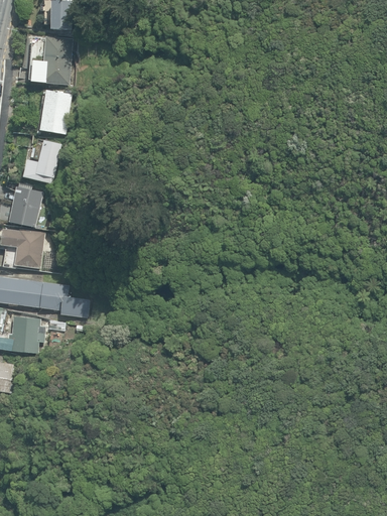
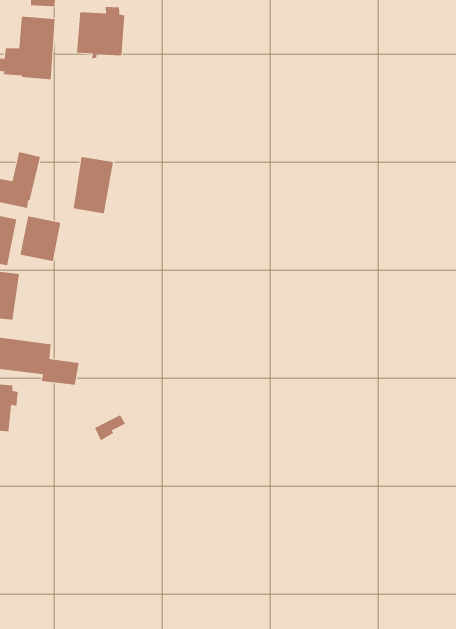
building: none -> [77,6,125,59]
building: [40,91,72,134] -> [73,157,114,214]
building: none -> [20,216,61,262]

